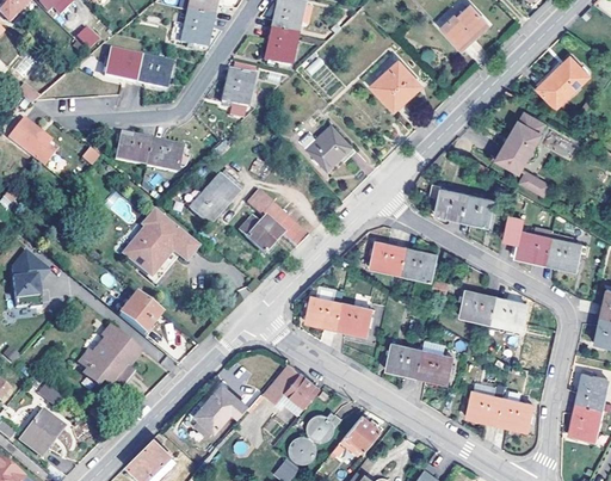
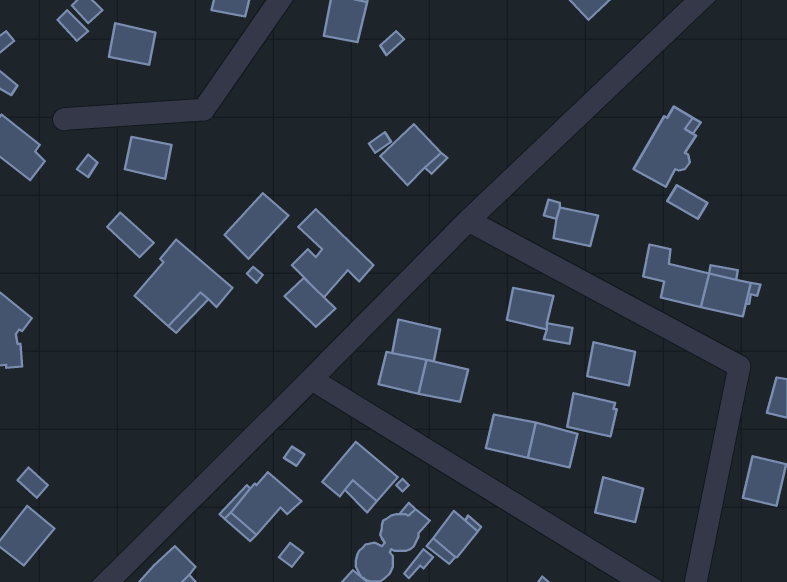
building: [539,56,590,106] -> none
building: [135,58,172,90] -> none
building: [372,61,421,110] -> none
building: [221,70,254,107] -> none
building: [147,142,181,173] -> none
building: [463,195,495,223] -> none
building: none -> [284,278,335,327]
building: [370,241,406,272] -> [392,319,440,361]
building: [119,295,161,335] -> none
building: [492,296,529,328] -> [567,393,617,436]
building: [80,328,140,391] -> none
building: [496,397,533,428] -> none
building: [569,405,601,440] -> none

